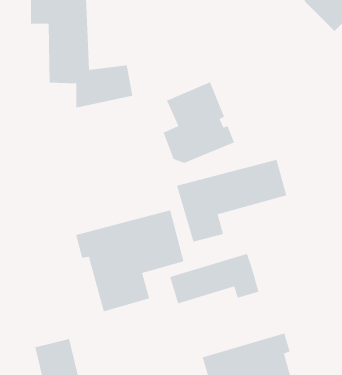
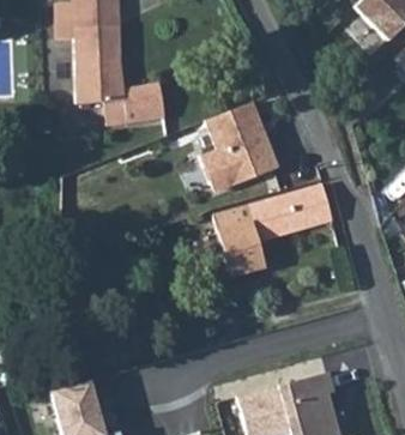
building: [76,209,184,312] -> none
building: [170,253,259,304] -> none

